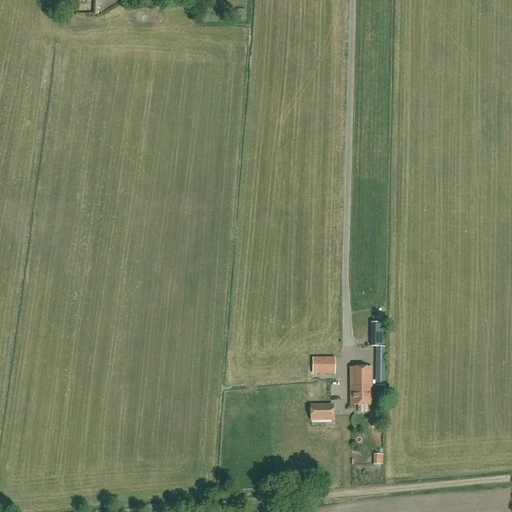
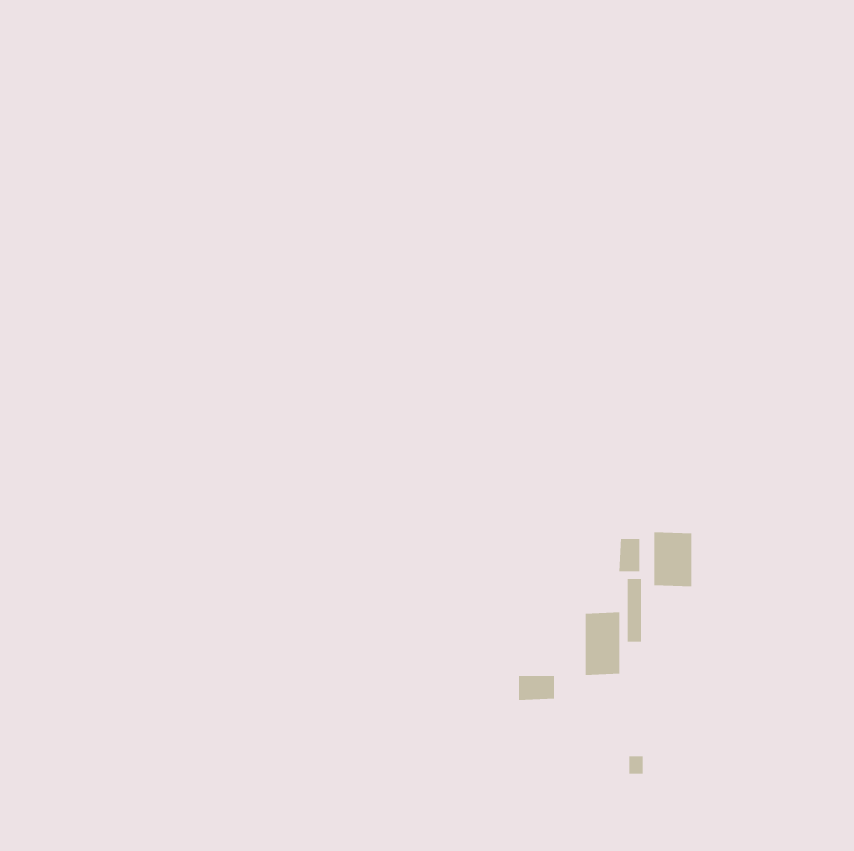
building: none -> [654,531,692,587]
building: [312,356,334,373] -> none

